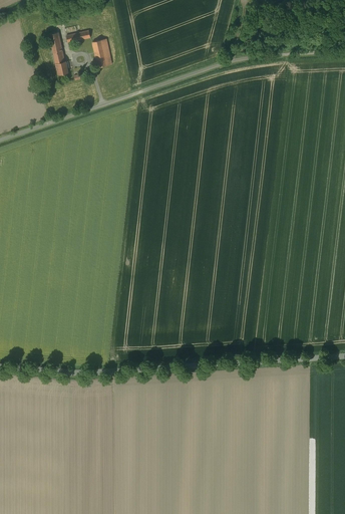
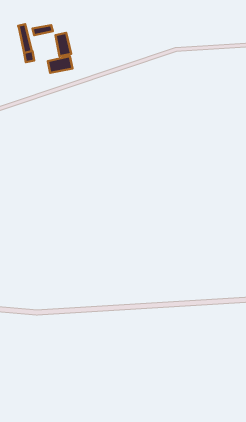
building: none -> [48,56,73,73]

